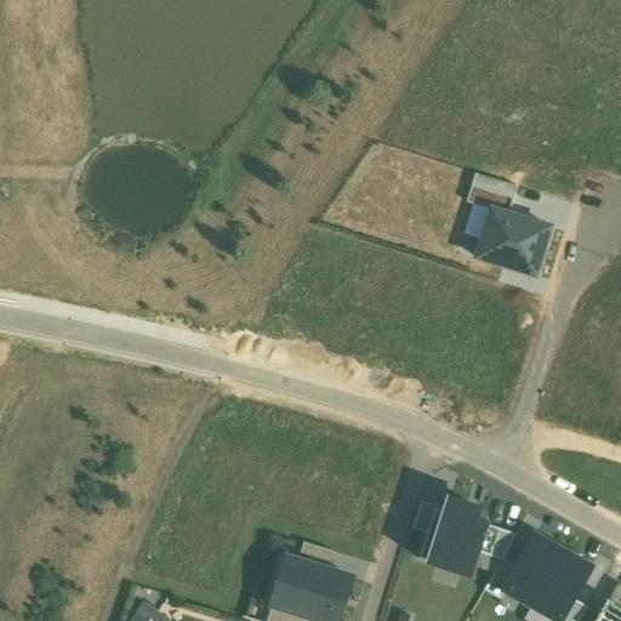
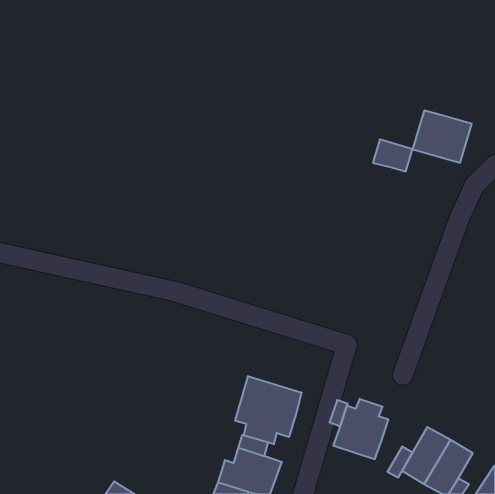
building: [477,210,551,275] -> [413,110,472,163]
building: none -> [235,376,302,444]
building: [478,525,517,560] -> none

